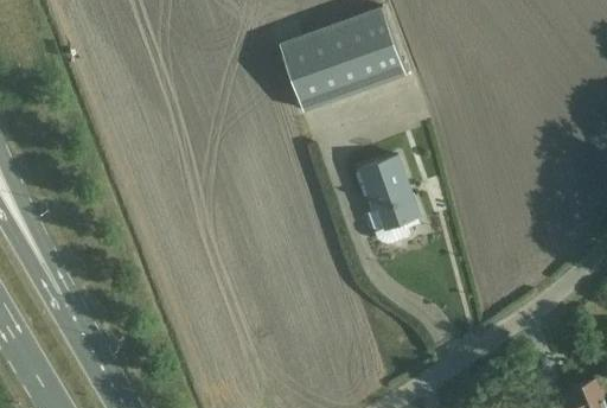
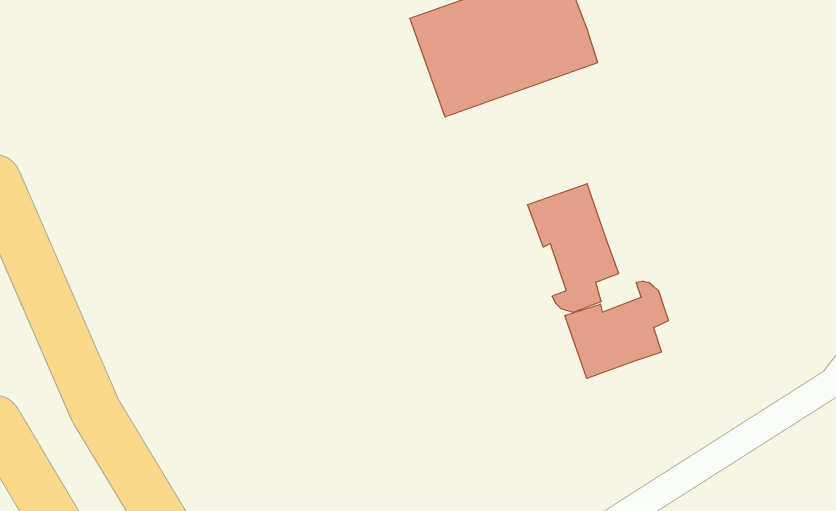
building: none -> [565,281,669,378]

